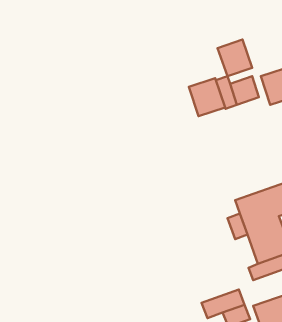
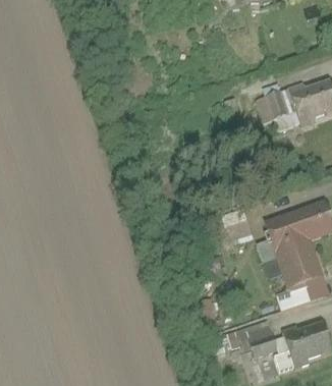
building: [218,40,252,76] -> none
building: [189,78,225,116] -> none

